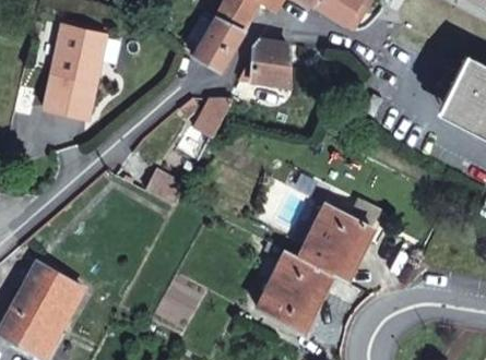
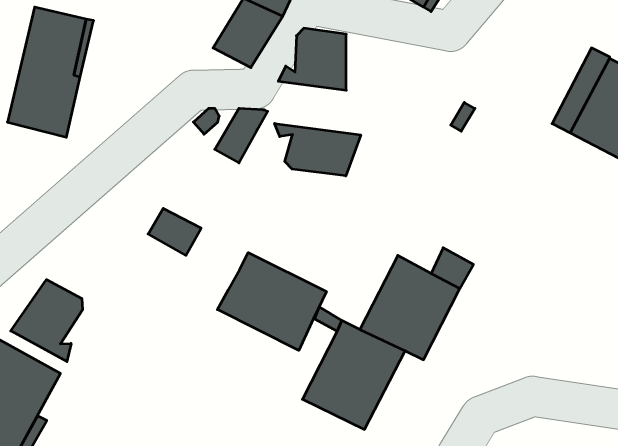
building: none -> [275,123,361,176]
building: none -> [217,253,326,350]
building: none -> [11,280,83,362]

